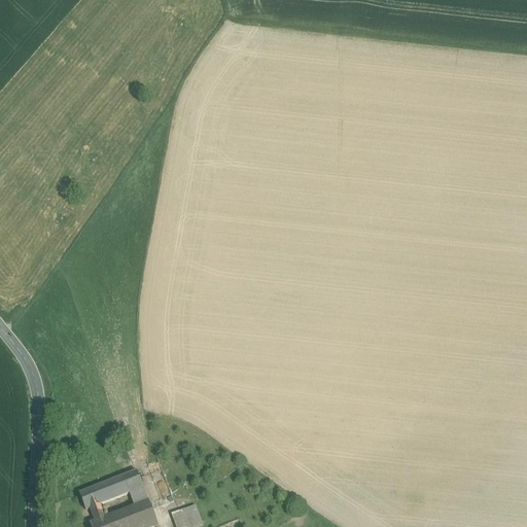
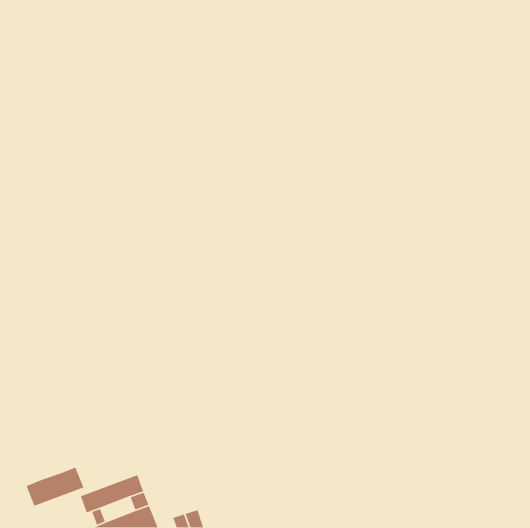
building: none -> [25,466,84,507]

